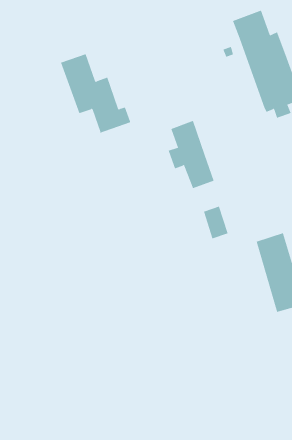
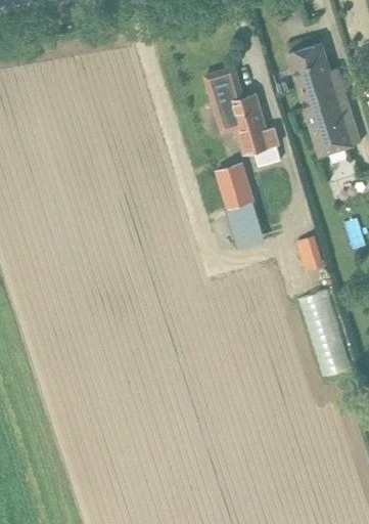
building: [60,54,131,133] -> [205,69,279,157]
building: [203,206,229,239] -> [297,237,324,273]

